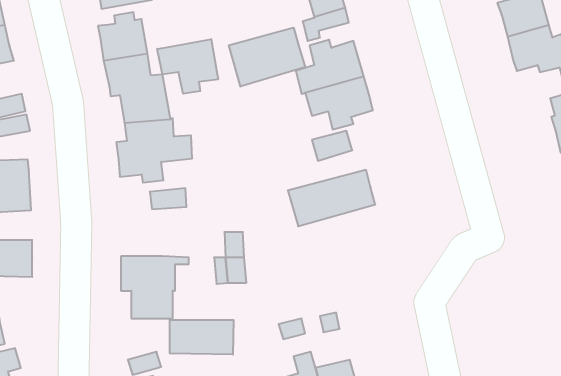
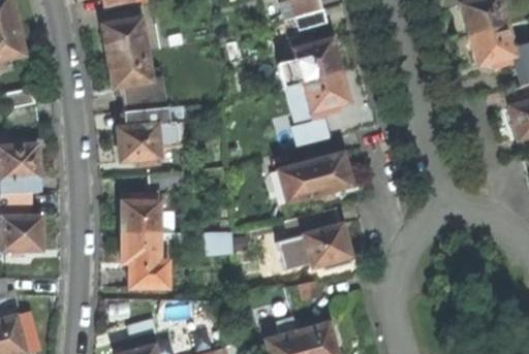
building: [229,28,305,87] -> none
building: [157,39,218,94] -> none
building: none -> [122,195,159,231]
building: none -> [277,207,351,270]
building: [170,320,234,355] -> none

